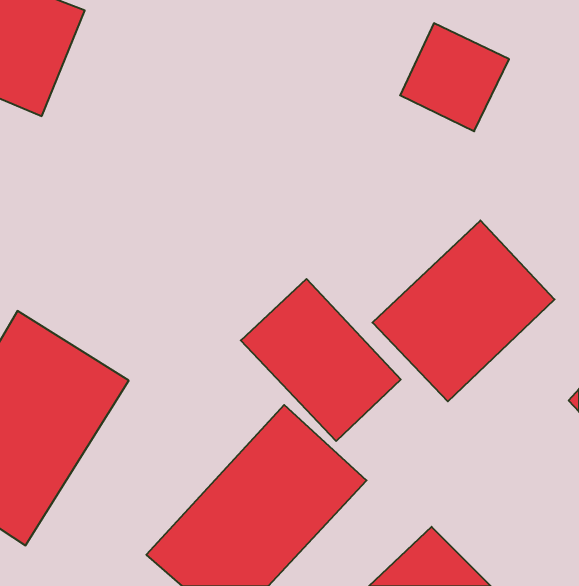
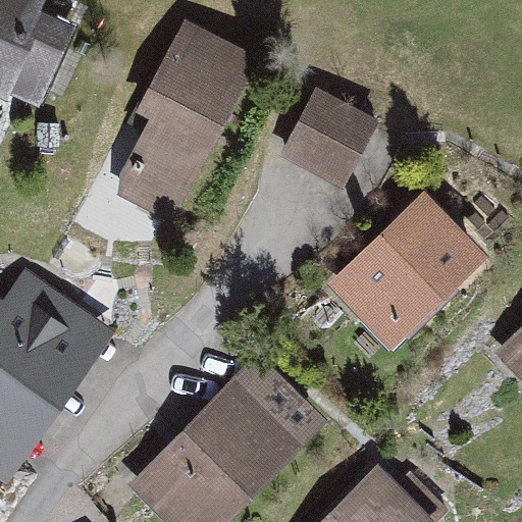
building: [400,23,509,131] -> [280,93,376,188]
building: none -> [110,21,260,202]
building: [241,279,401,441] -> none

